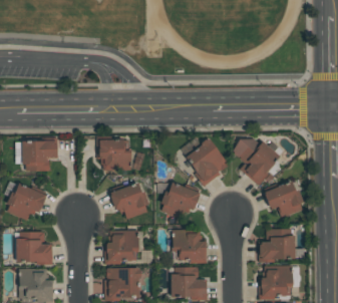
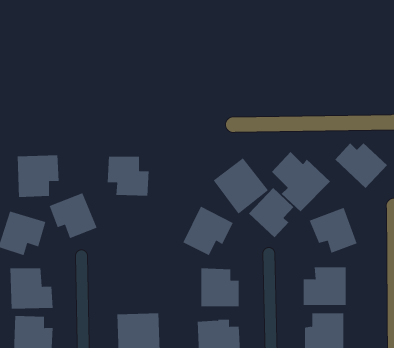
building: none -> [335,143,388,189]
building: none -> [248,187,294,238]
building: [110,181,150,219] -> [49,193,97,239]
building: [105,230,139,262] -> none

